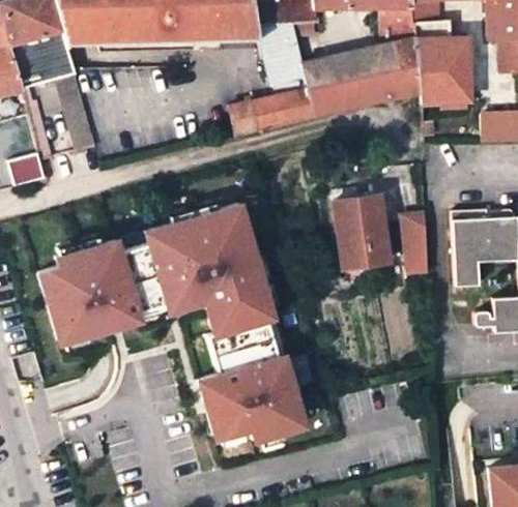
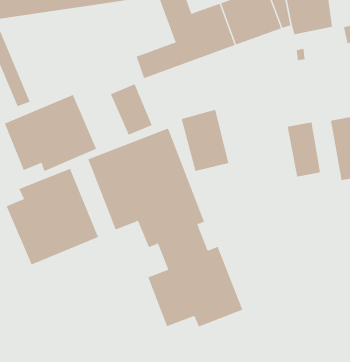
building: none -> [110,84,153,136]
building: none -> [4,94,97,172]
building: [332,197,383,268] -> [181,109,229,171]

